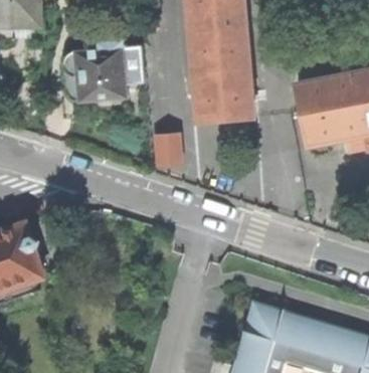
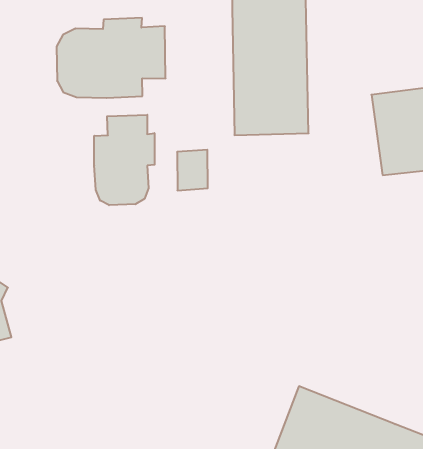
building: none -> [94,115,155,205]

